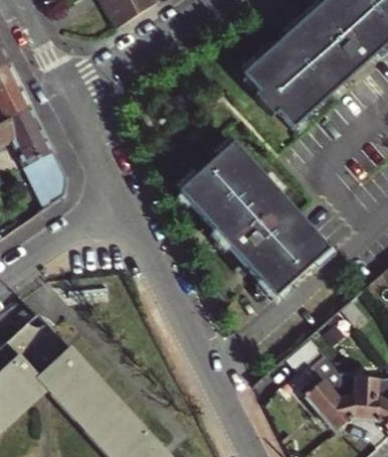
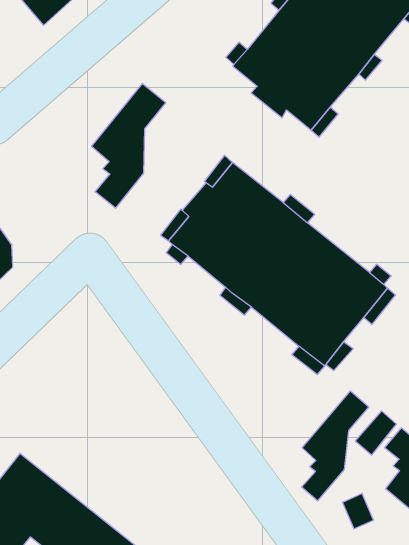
building: none -> [92,83,166,208]
building: none -> [302,391,369,501]

